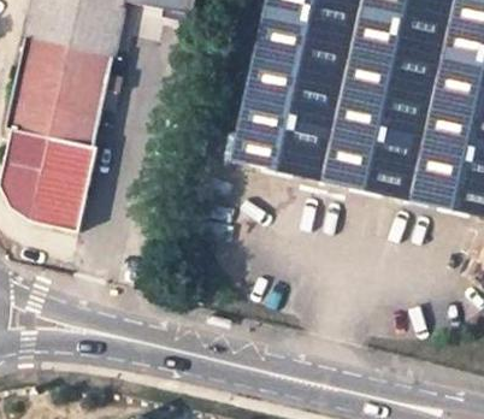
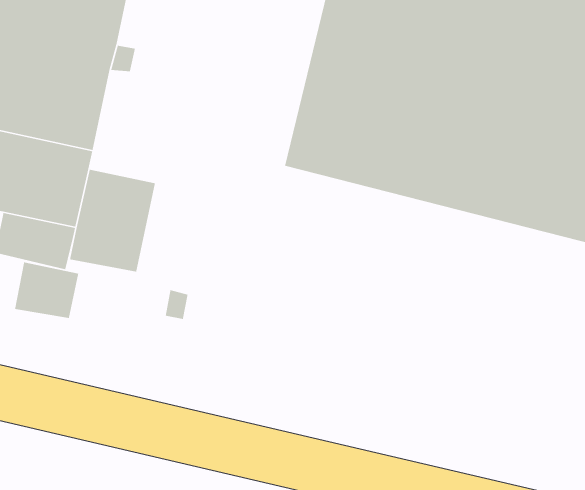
building: none -> [69,169,156,272]
building: none -> [14,261,79,319]

